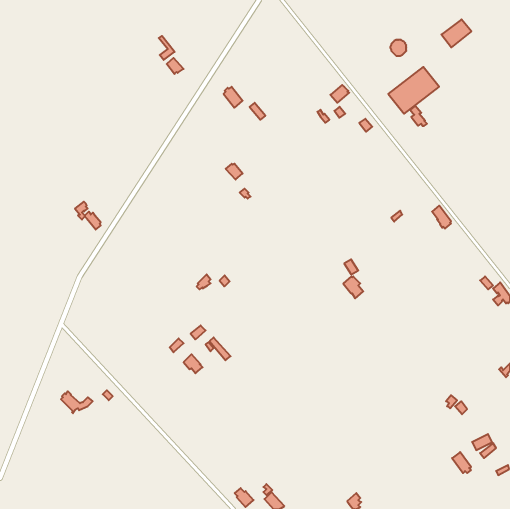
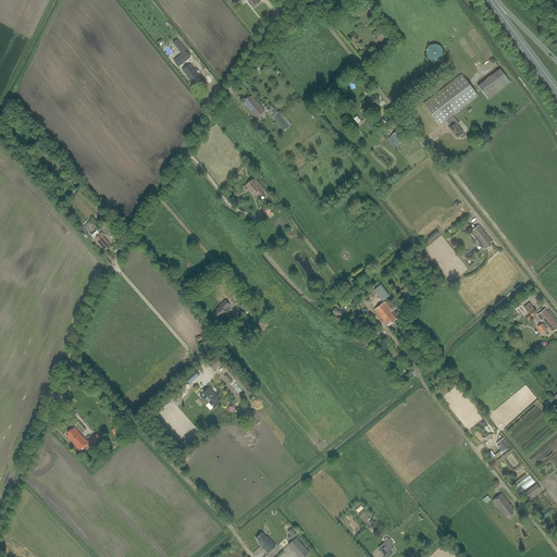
building: [441,19,471,47] -> [478,69,510,99]

